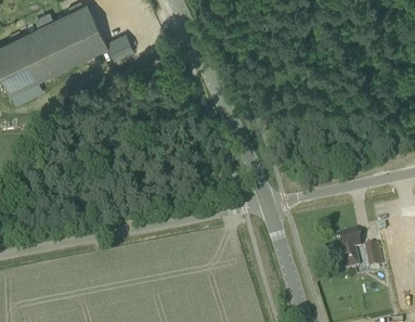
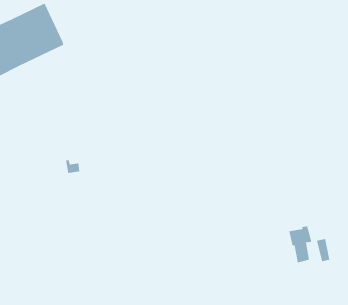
building: [107,35,135,62] -> none

